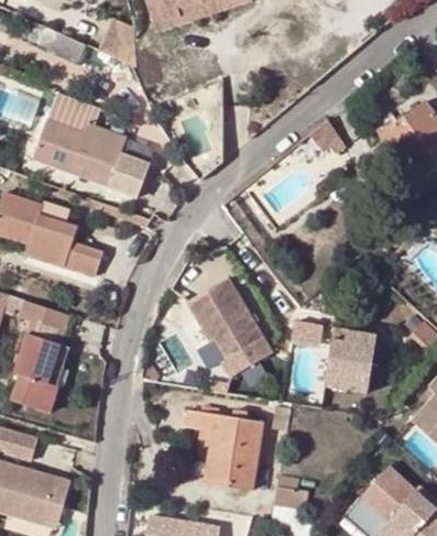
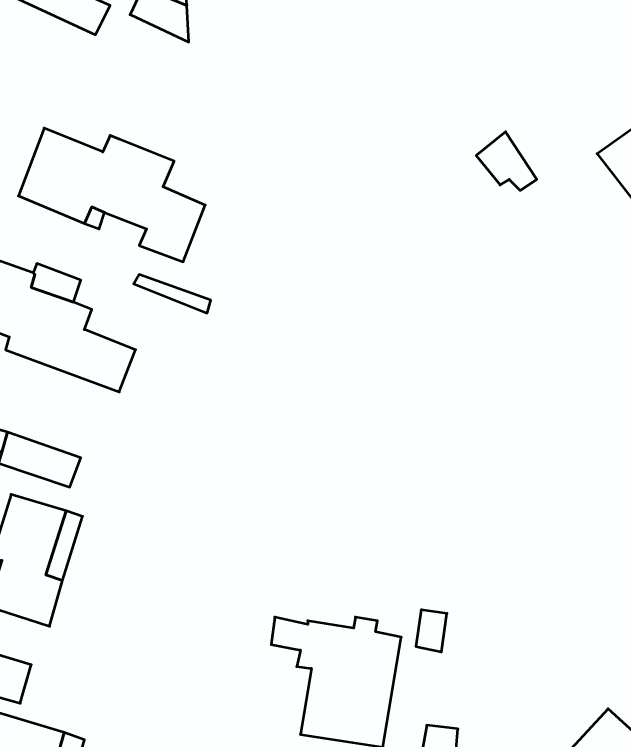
building: [48,92,99,131] -> none
building: [186,278,271,378] -> none
building: [288,318,375,393] -> none

